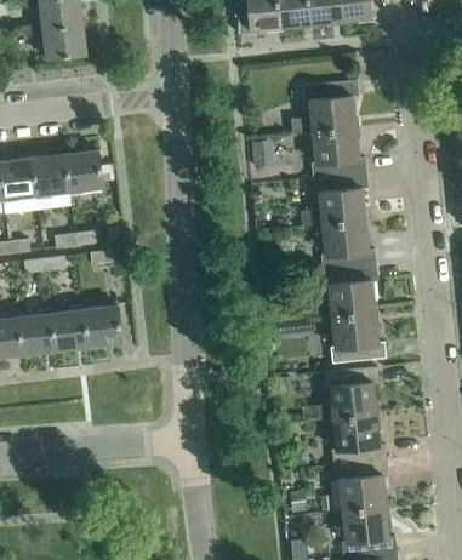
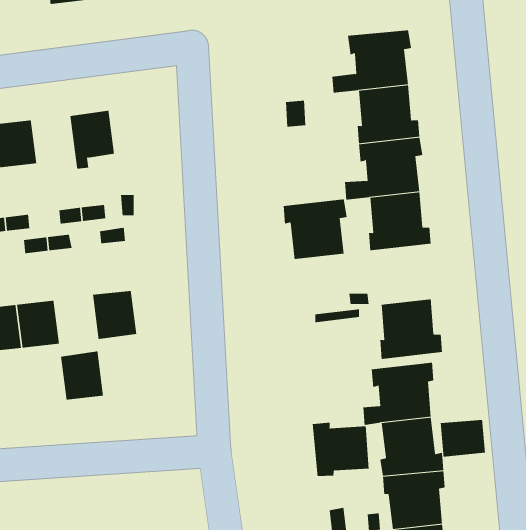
building: [32,154,69,195] -> none
building: [323,264,378,316] -> [283,199,347,259]
building: [51,308,89,350] -> [60,351,104,400]
building: none -> [440,419,485,457]
building: none -> [312,422,369,477]

